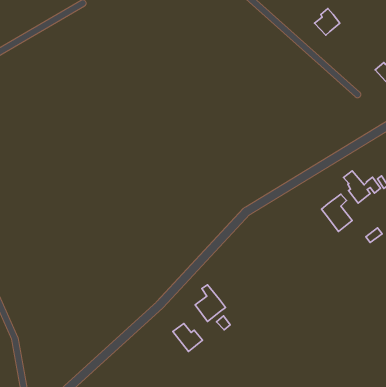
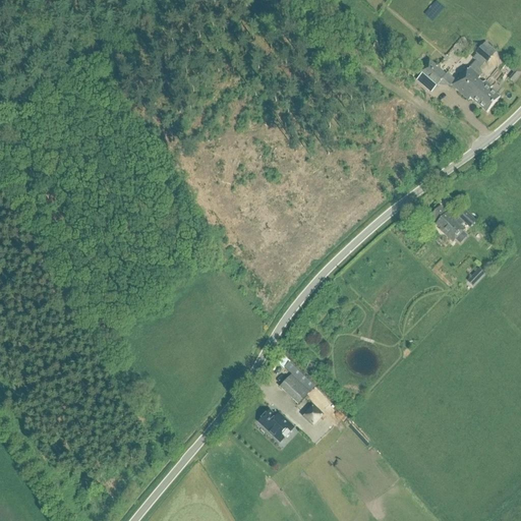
building: [314,8,340,35] -> [415,59,445,91]
building: [321,194,352,232] -> none

